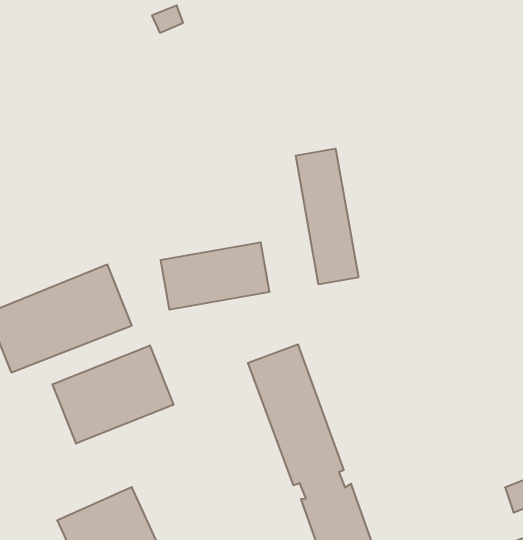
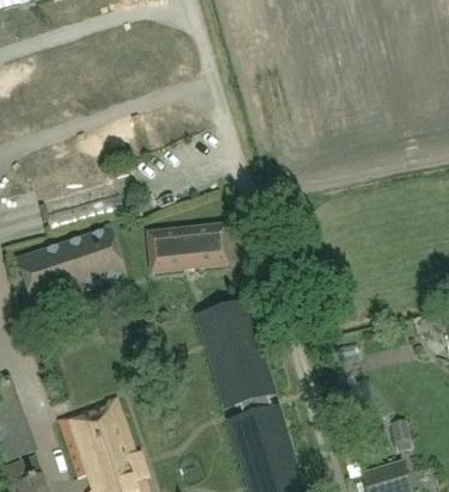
building: [296,149,358,284] -> none
building: [53,345,173,444] -> none

